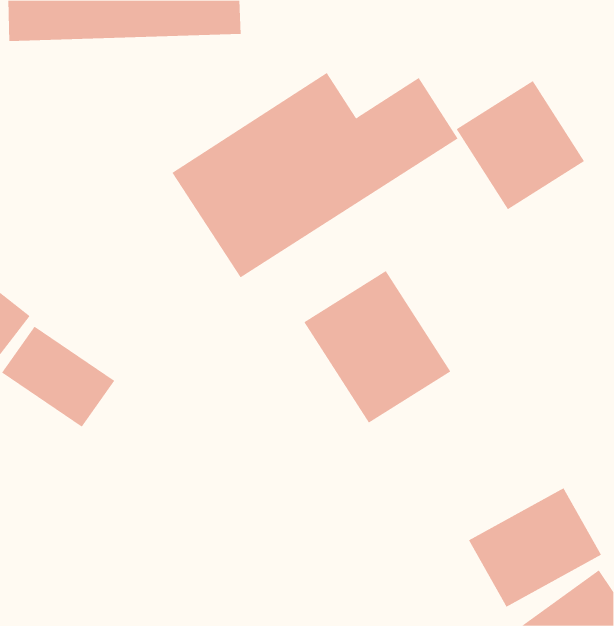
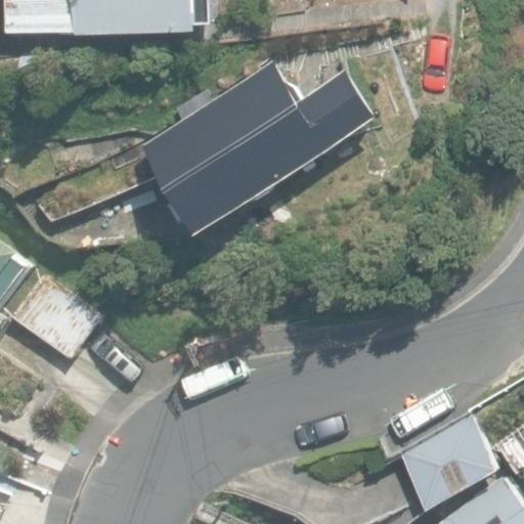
building: [456,80,585,210] -> none
building: [304,270,451,424] -> none

